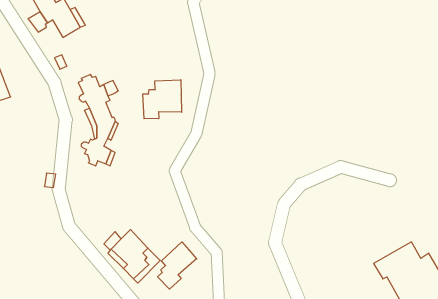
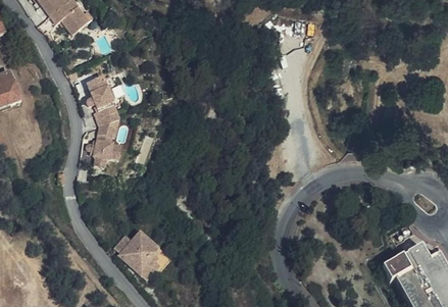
building: [143,80,182,119] -> none
building: [158,242,197,289] -> none

